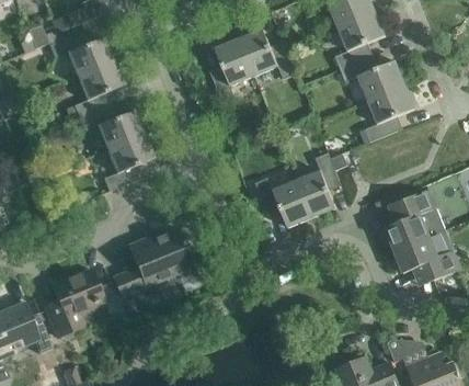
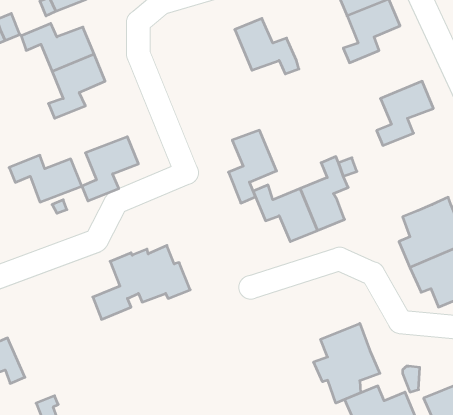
building: [210,38,253,103] -> [228,130,277,203]
building: [340,57,404,100] -> none
building: [78,106,142,148] -> [9,155,82,202]
building: [43,269,103,337] -> none
building: none -> [314,323,380,403]

